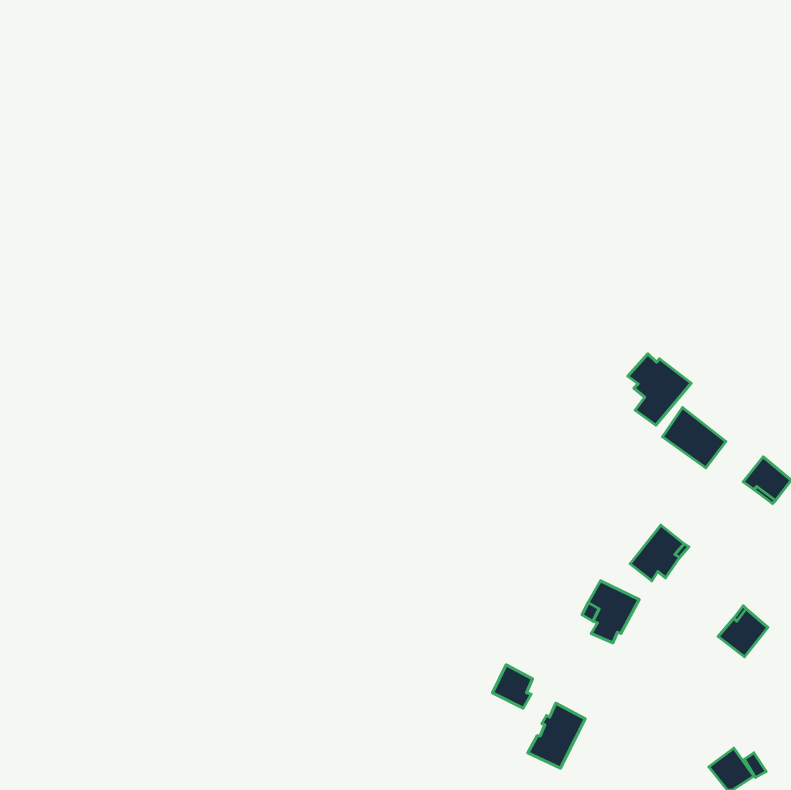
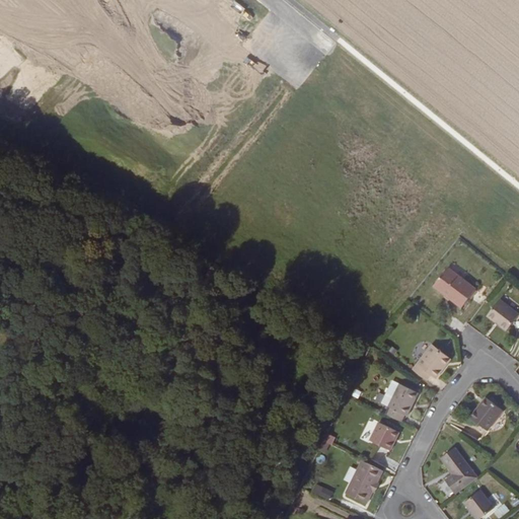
building: [628,354,691,425] -> none
building: [492,665,533,708] -> [370,421,396,449]
building: none -> [441,447,477,493]

